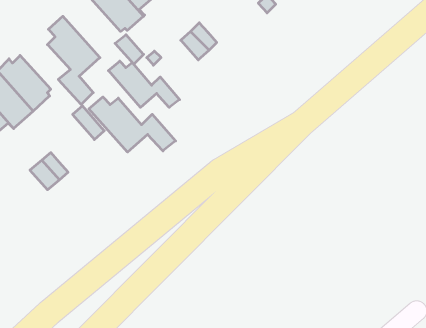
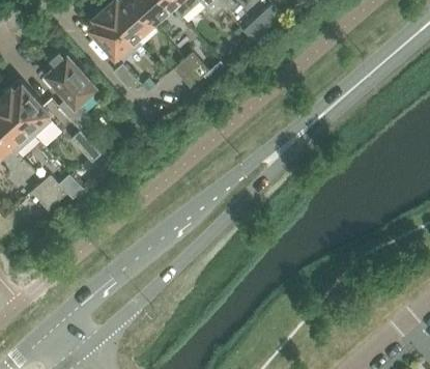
building: [108,61,180,107] -> none
building: [89,97,176,152] -> none

